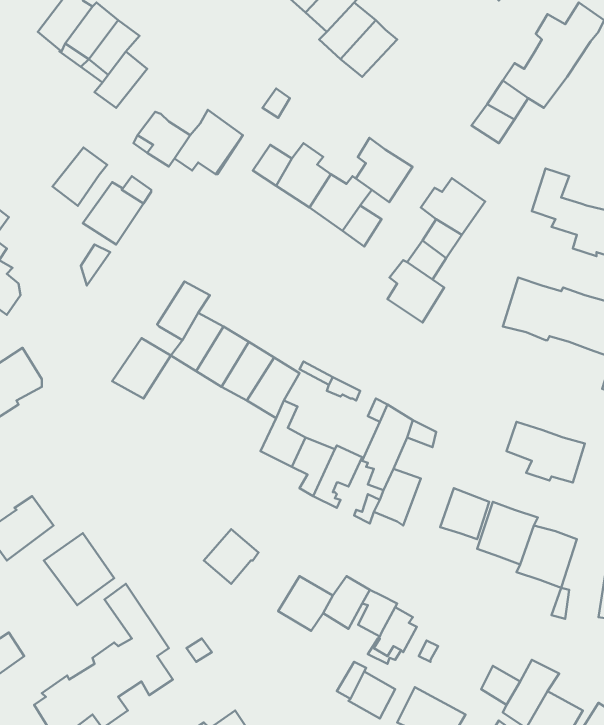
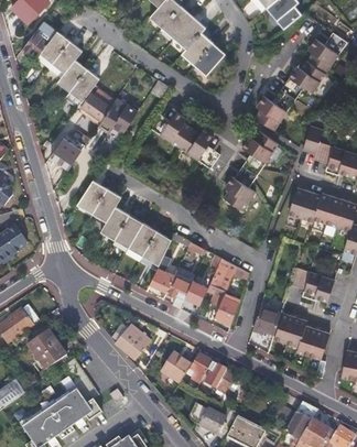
building: [356,138,413,202] -> [252,92,284,129]
building: [52,147,107,206] -> [68,67,99,100]
building: [112,338,171,399] -> [74,177,107,211]

